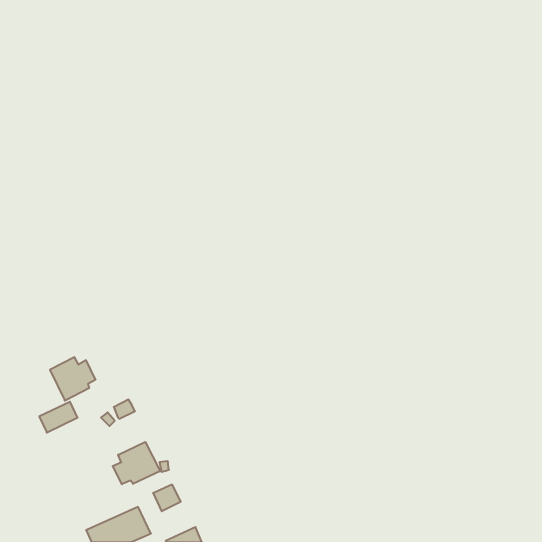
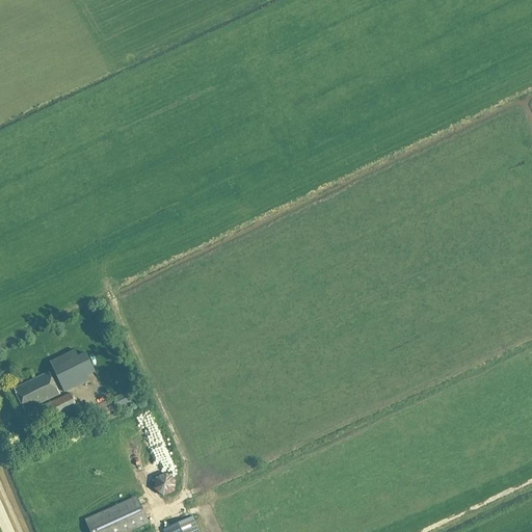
building: none -> [12,372,58,410]
building: [113,442,160,484] -> none

